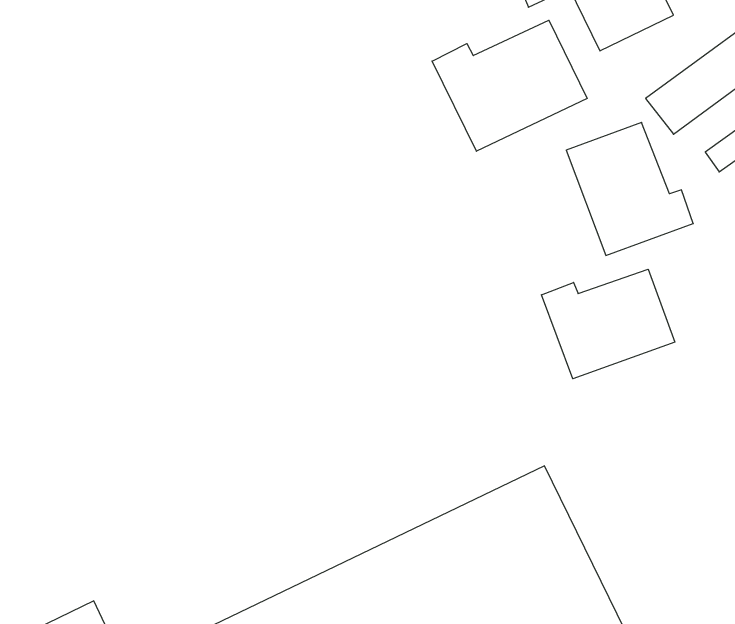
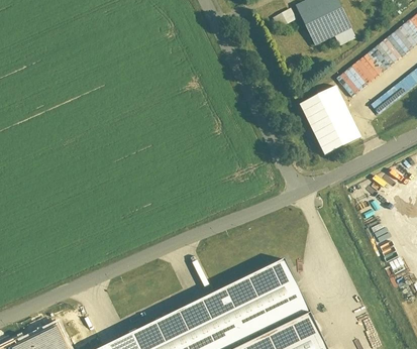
building: [432,20,587,151] -> none
building: [541,269,675,379] -> none

